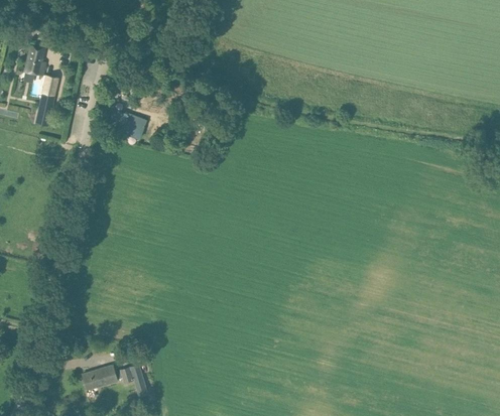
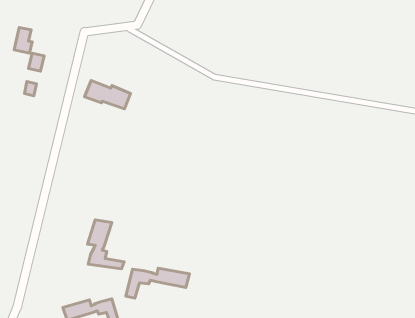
building: none -> [87,220,124,269]
building: none -> [126,268,190,298]

